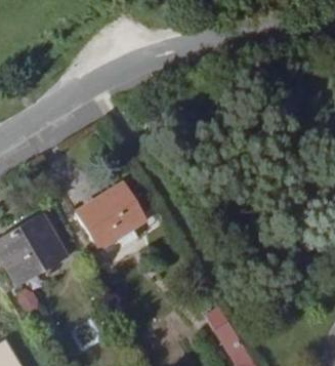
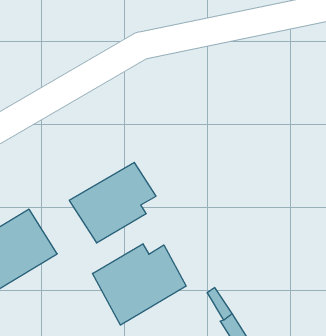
building: none -> [92,244,186,325]

